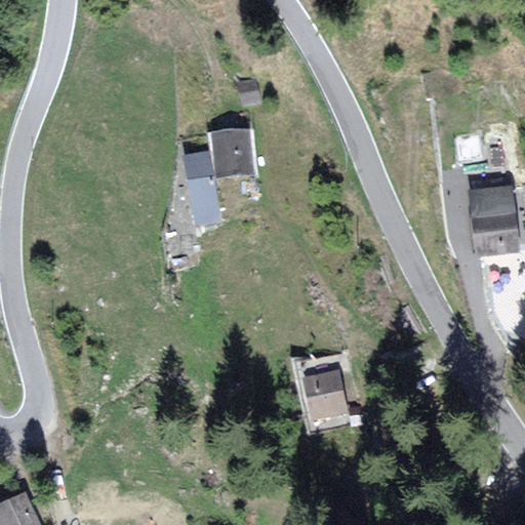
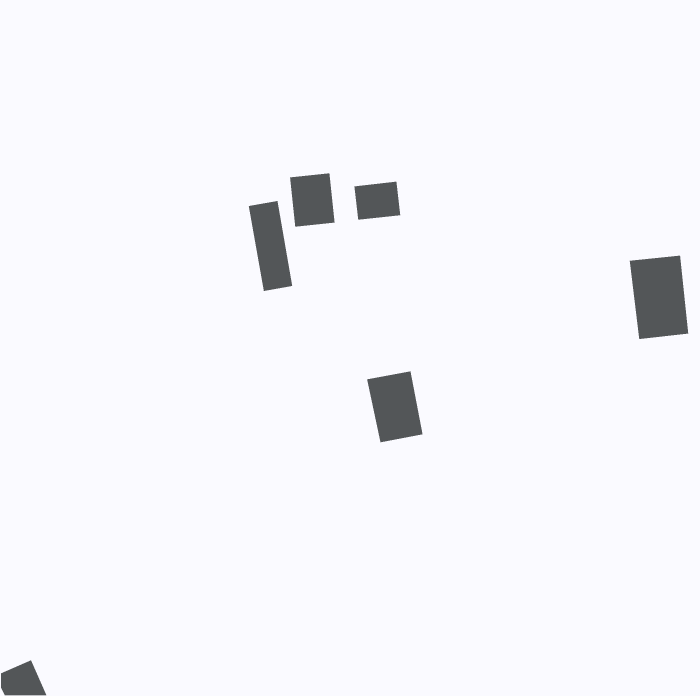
building: none -> [353,181,401,221]
building: [305,370,348,425] -> [366,370,424,443]

